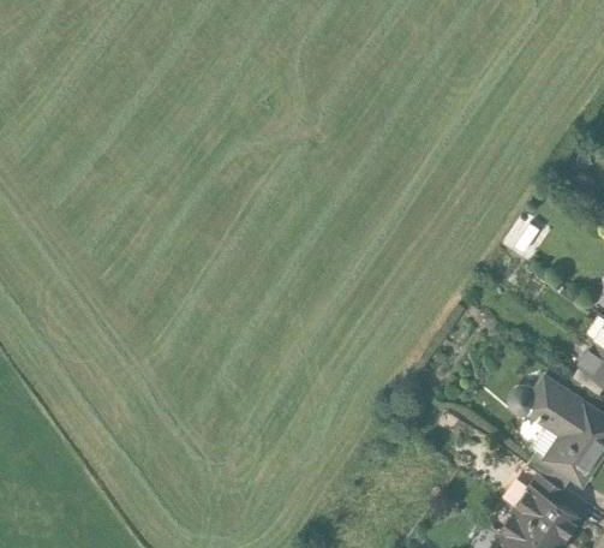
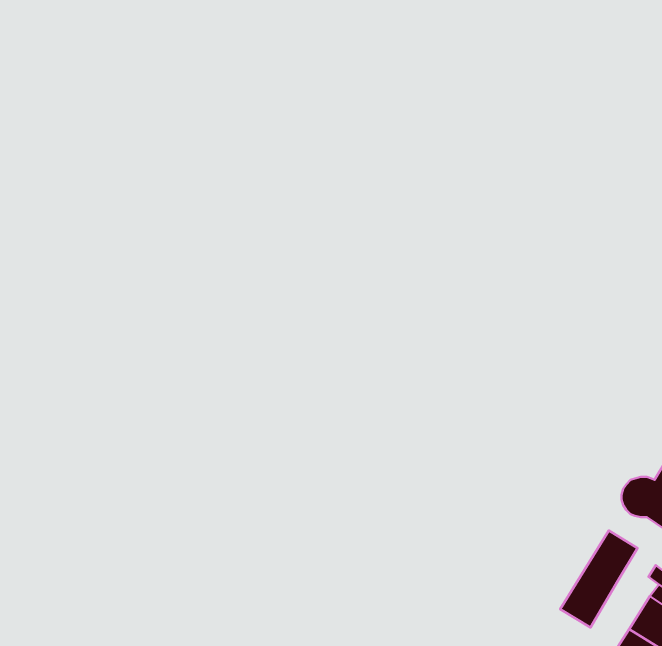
building: none -> [560,531,637,627]

